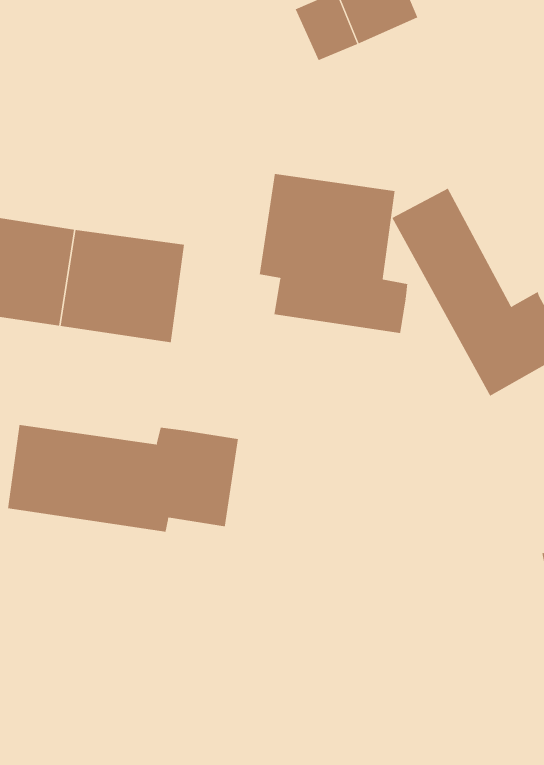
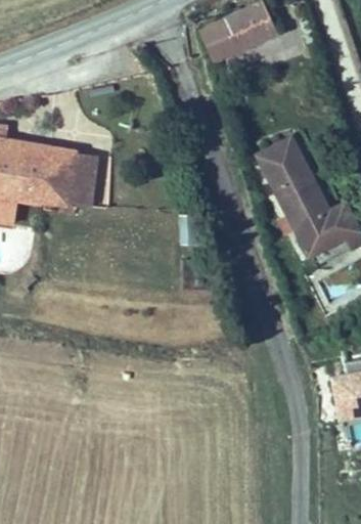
building: [259,173,408,334] -> none
building: [7,424,239,533] -> none

